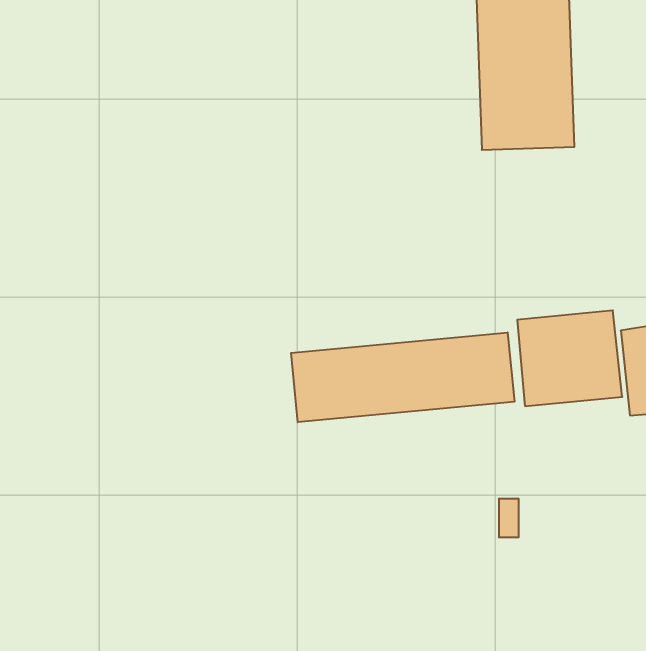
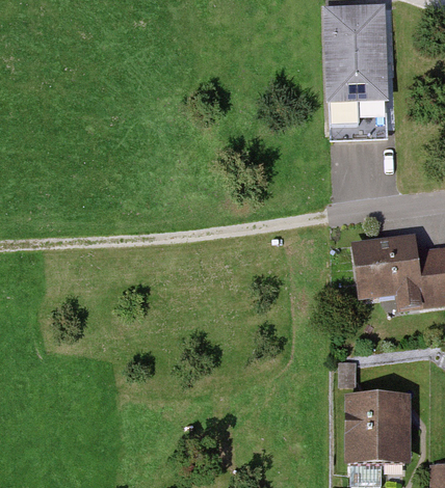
building: [291,332,514,422] -> none
building: none -> [349,396,412,460]

